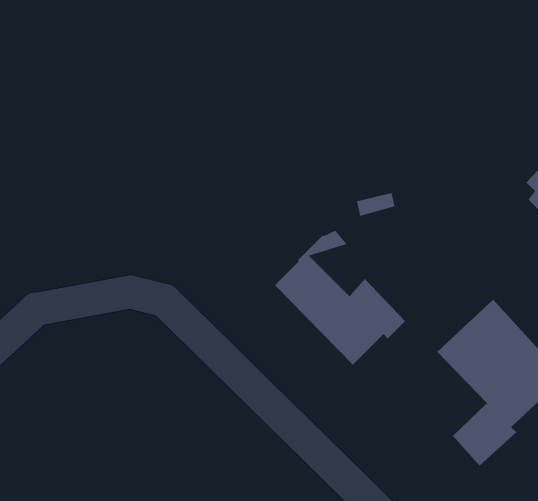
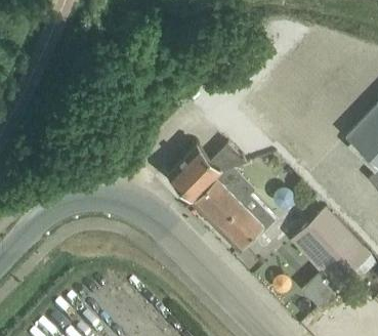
building: none -> [170,145,247,200]

